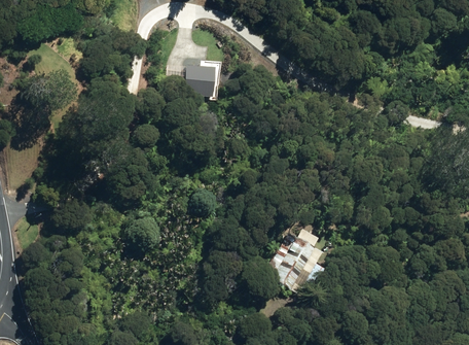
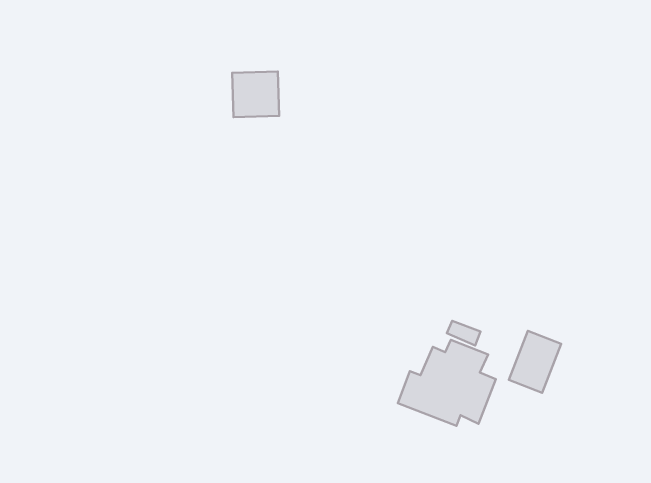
building: none -> [509,331,561,393]

